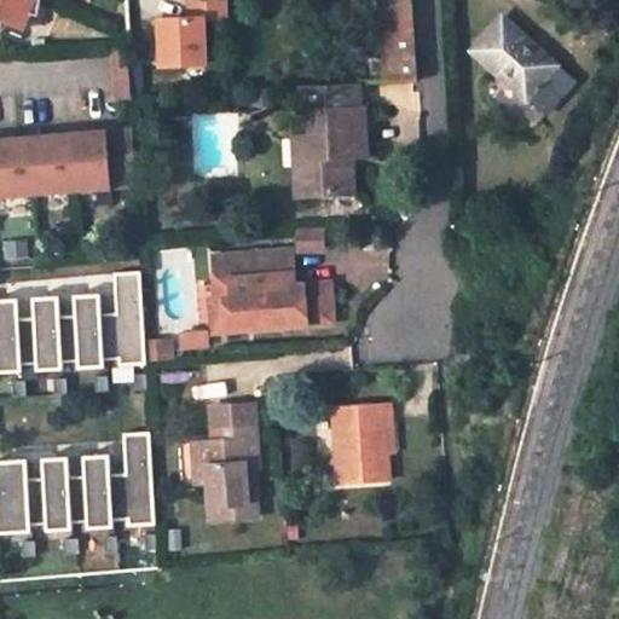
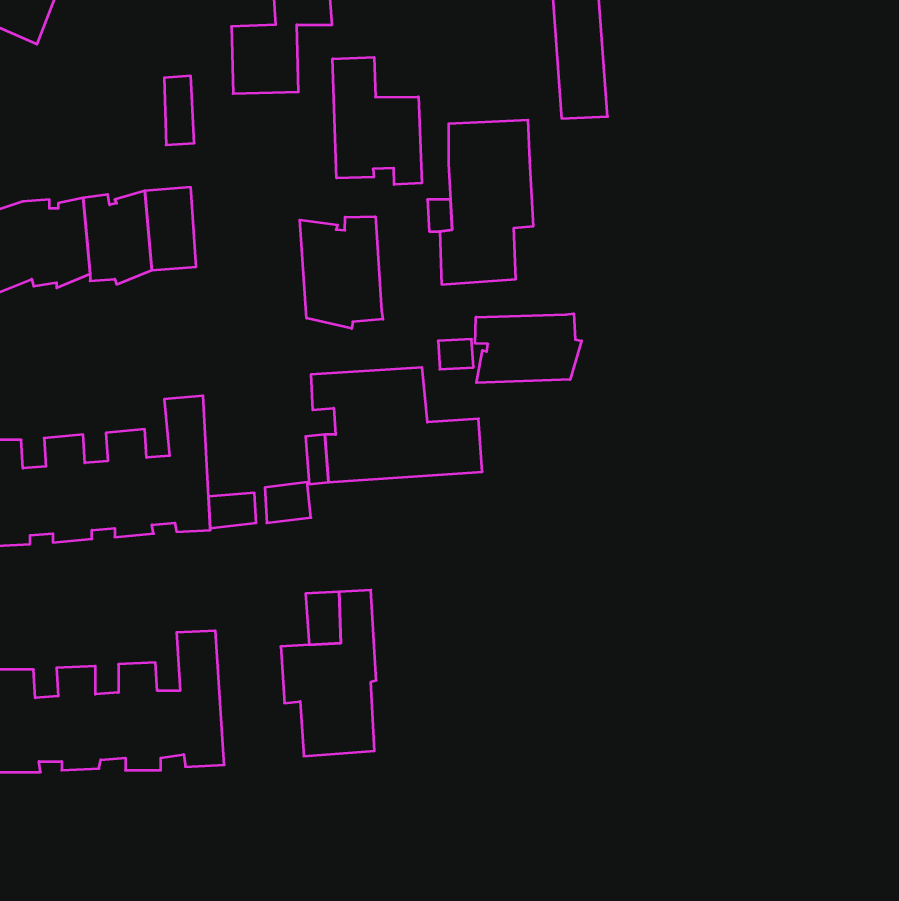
building: [470,15,573,112] -> none
building: none -> [333,57,422,185]
building: none -> [300,217,383,329]
building: none -> [475,314,582,383]
building: [334,404,391,479] -> none

